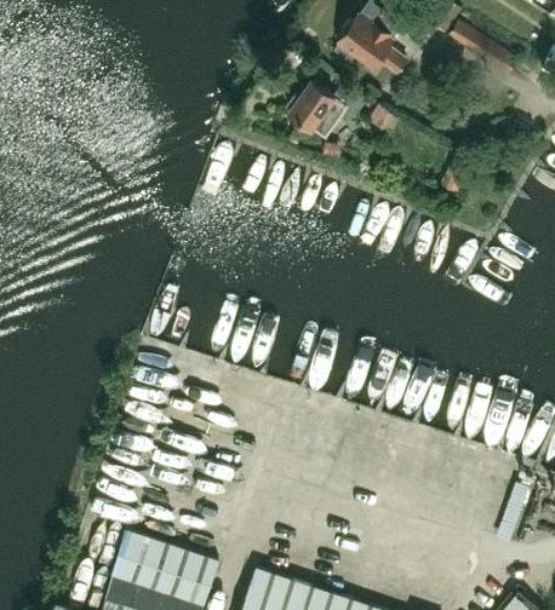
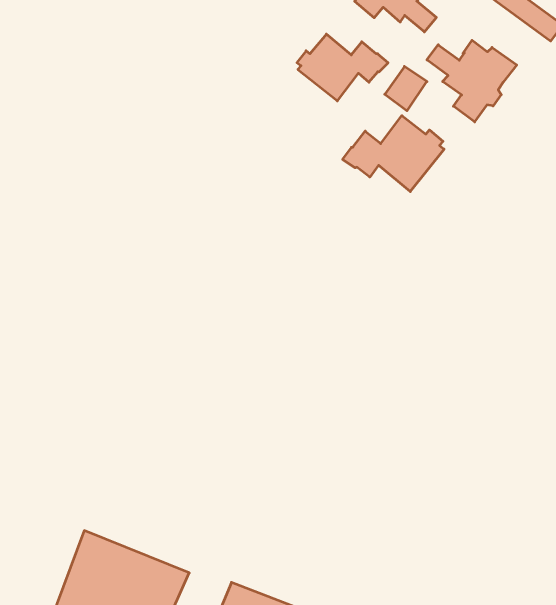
building: none -> [427,40,517,122]
building: none -> [343,116,444,192]

